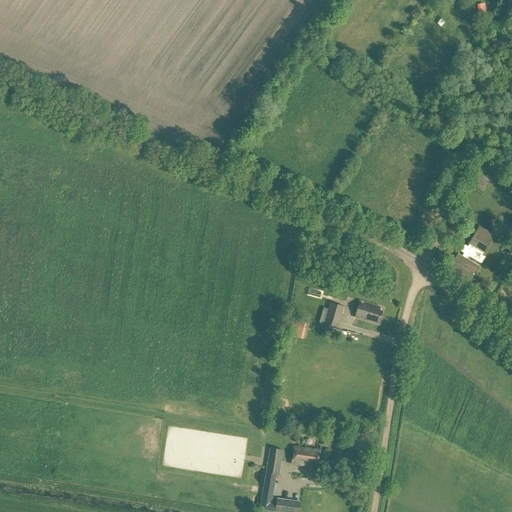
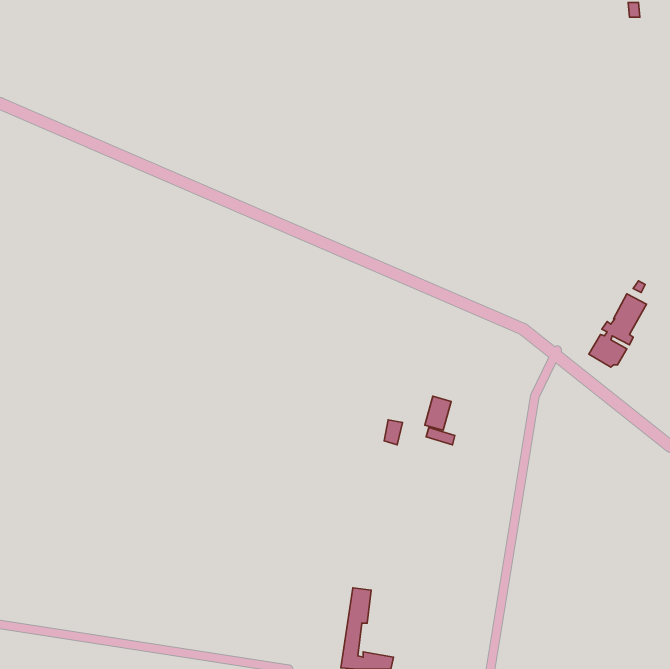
building: [354,301,381,324] -> none
building: [291,445,319,466] -> none

